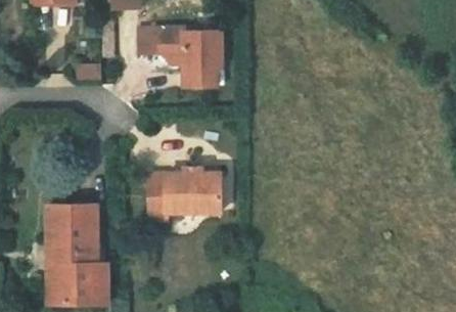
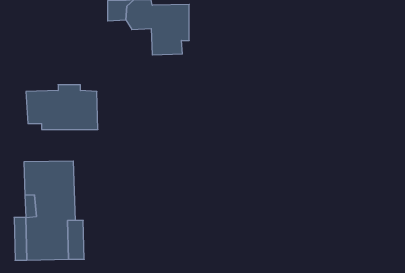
building: [147,152,223,199] -> [26,85,98,129]

